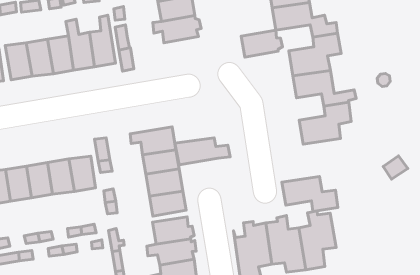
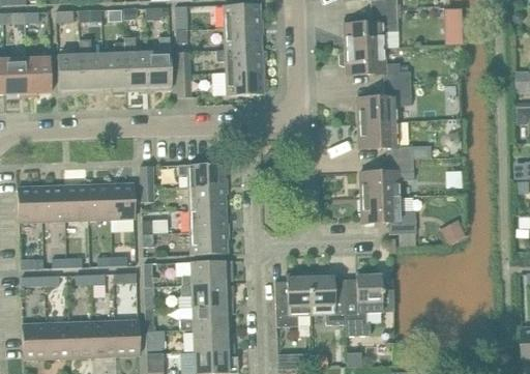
building: [241,30,283,57] -> [226,70,268,95]
building: [175,138,230,165] -> none
building: [282,177,338,212] -> [360,197,416,233]

